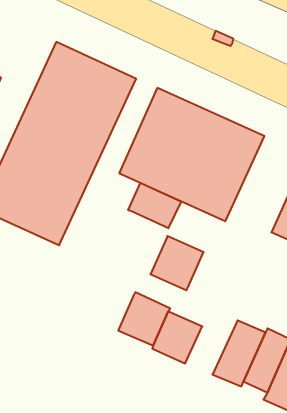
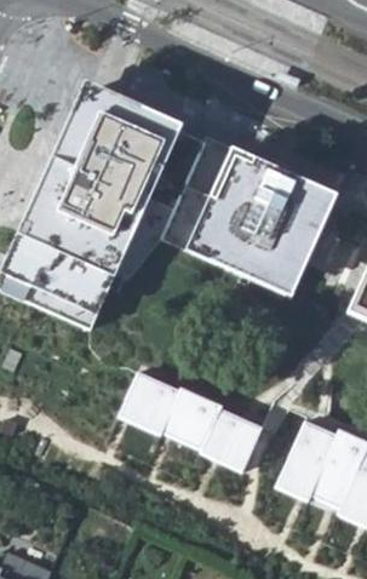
building: [128,183,181,228] -> none
building: [150,236,204,290] -> [115,371,179,436]

